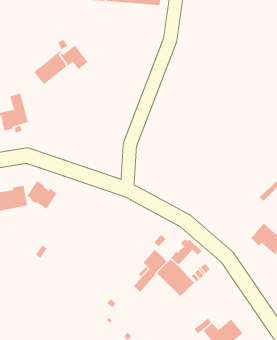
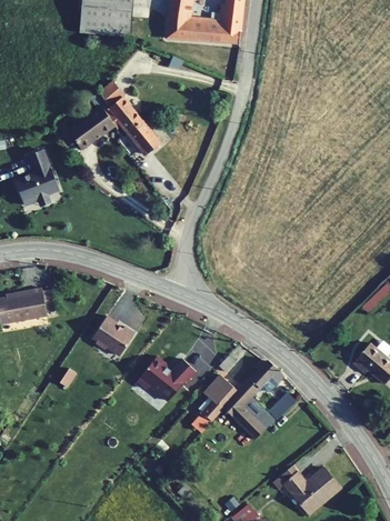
building: none -> [120,121,152,154]
building: [26,180,58,210] -> [94,313,137,353]
building: none -> [140,354,198,399]

